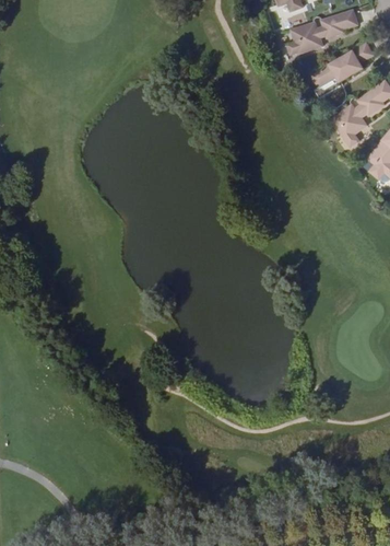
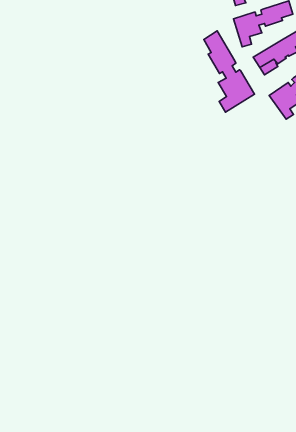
building: none -> [204,31,255,112]

